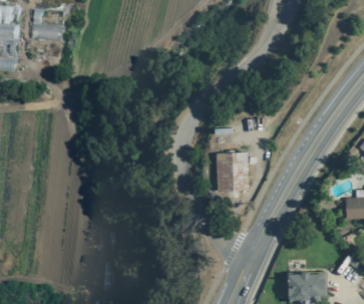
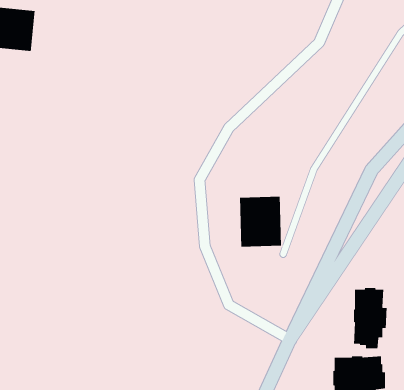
building: none -> [353,287,387,349]

